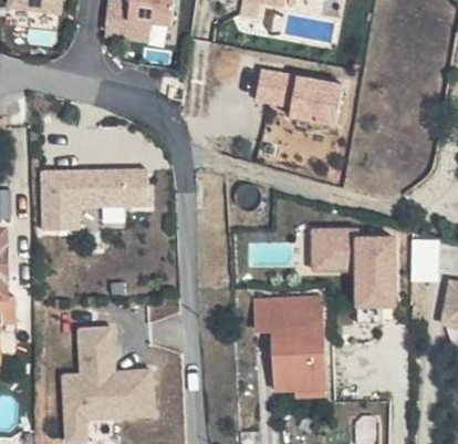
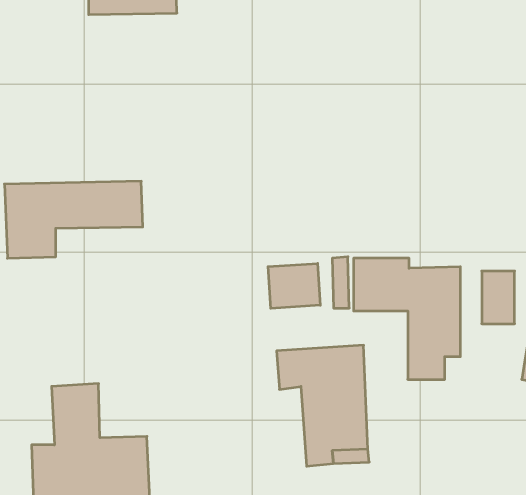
building: [257,71,341,124] -> none
building: none -> [268,263,320,308]

